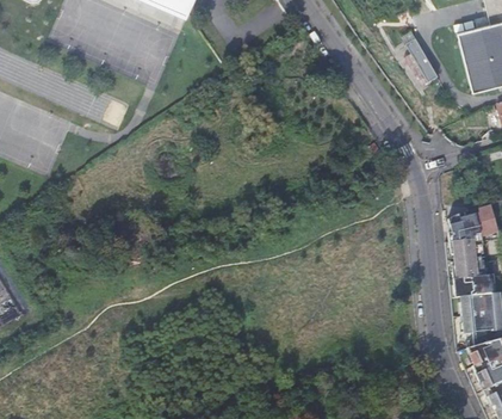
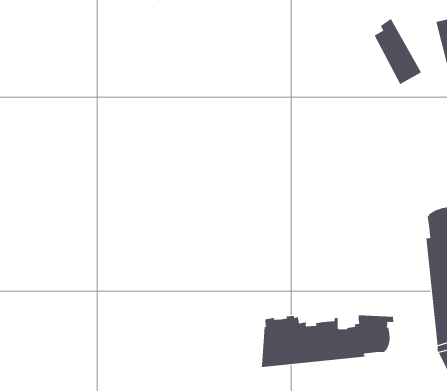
building: none -> [261,315,394,368]

